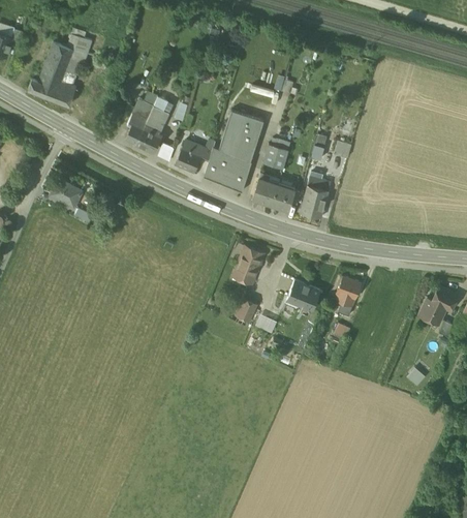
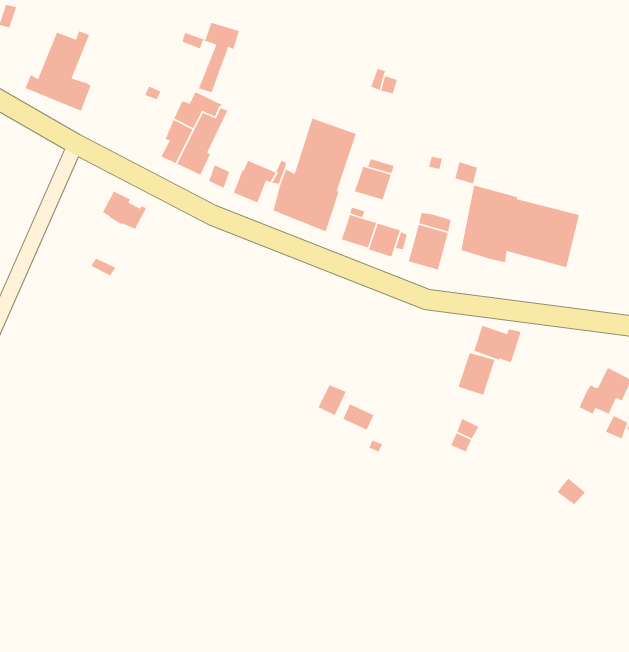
building: [51,34,92,85] -> [182,22,240,93]
building: none -> [461,185,580,268]
building: [50,179,82,207] -> [102,190,147,230]
building: [231,245,263,283] -> none
building: none -> [473,325,521,363]
building: [286,279,321,310] -> none

